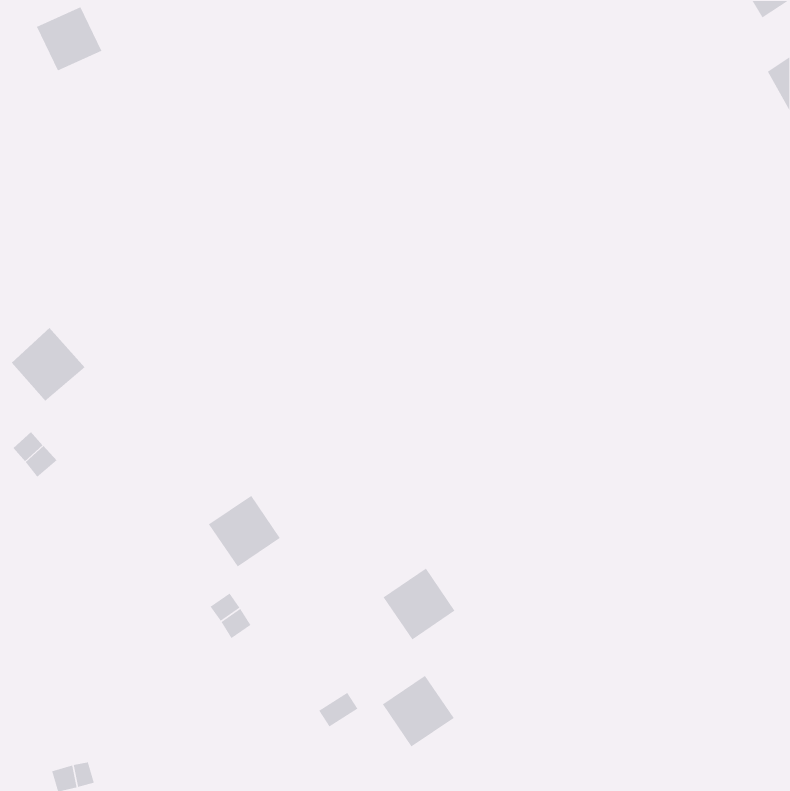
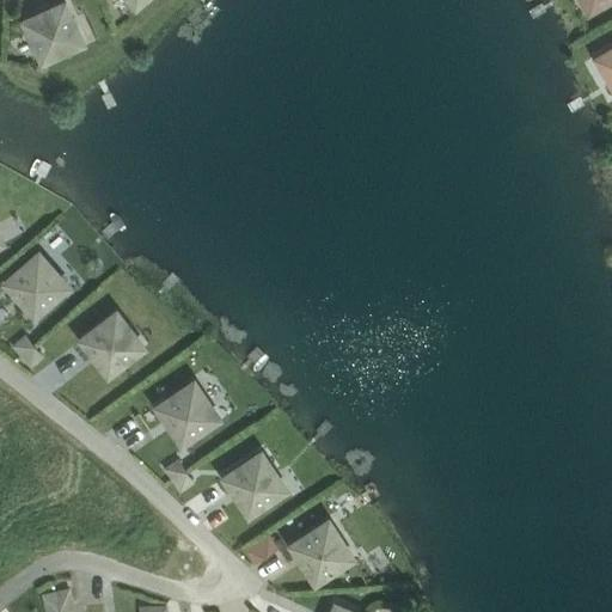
building: none -> [84,313,141,369]
building: [383,568,456,640] -> [227,453,283,509]

